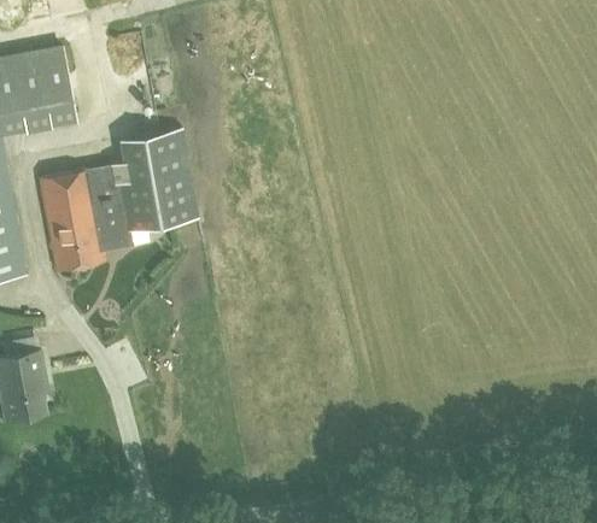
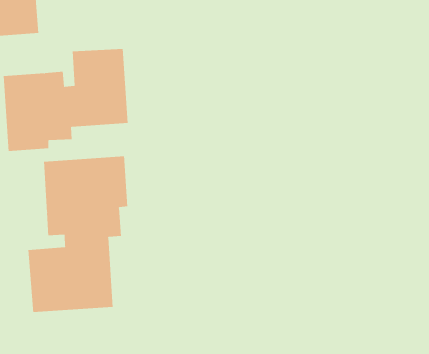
building: none -> [28,156,128,313]

